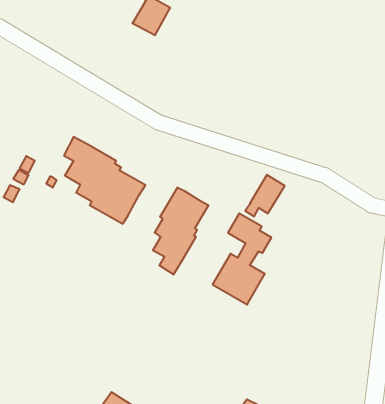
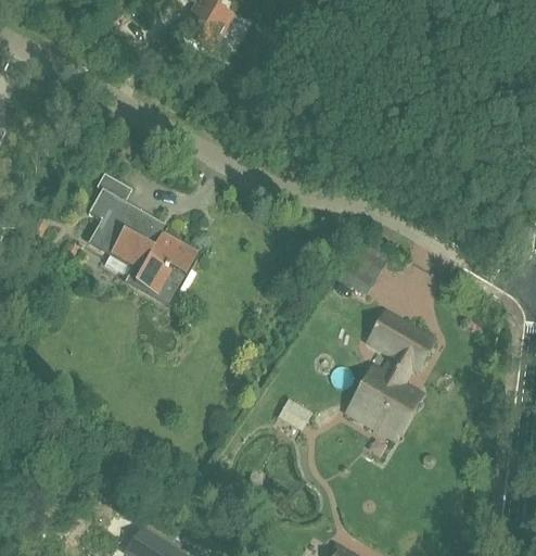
building: [153,187,208,275] -> none
building: [213,213,271,305] -> [349,312,429,434]

